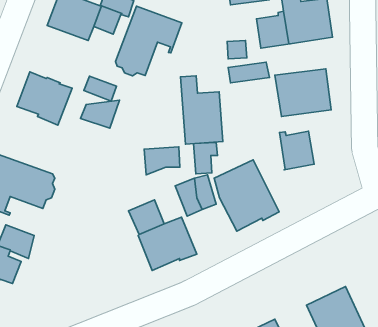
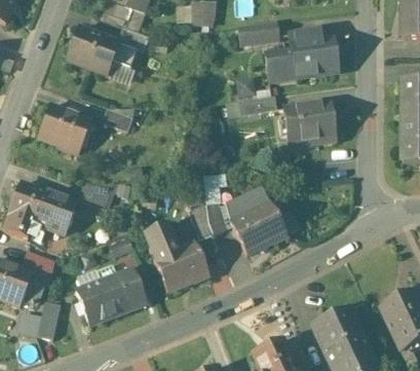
building: [115,6,182,76] -> none
building: [181,76,223,144] -> none
building: [81,100,120,128] -> [77,182,114,209]
building: [279,131,314,170] -> none
building: [144,147,180,175] -> none
building: none -> [76,264,145,325]
building: none -> [37,301,61,338]

